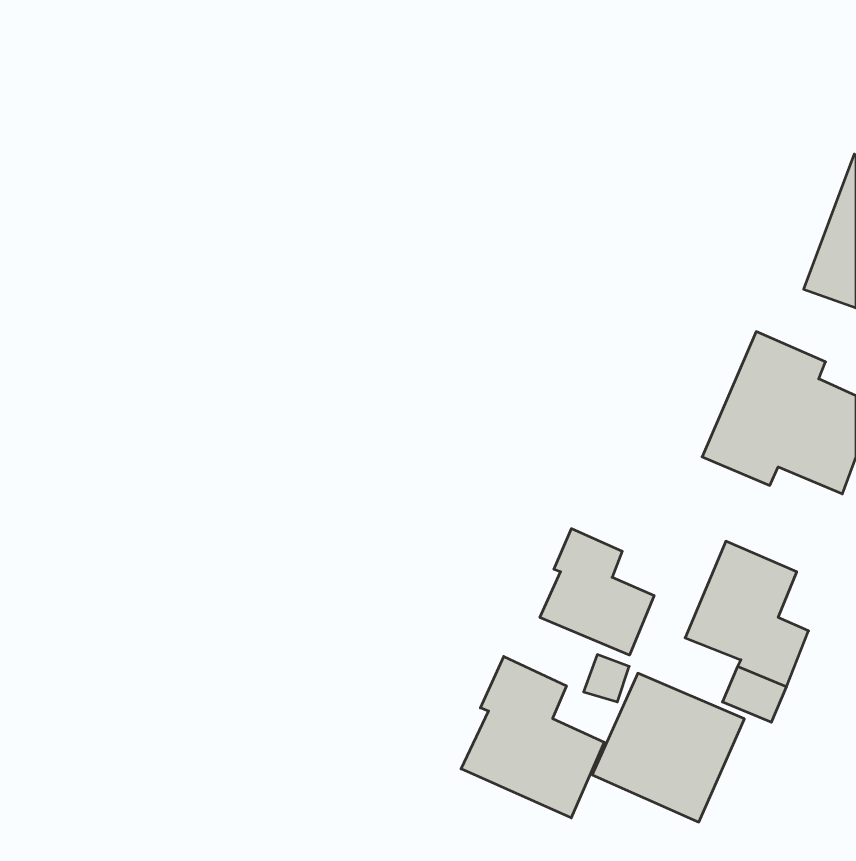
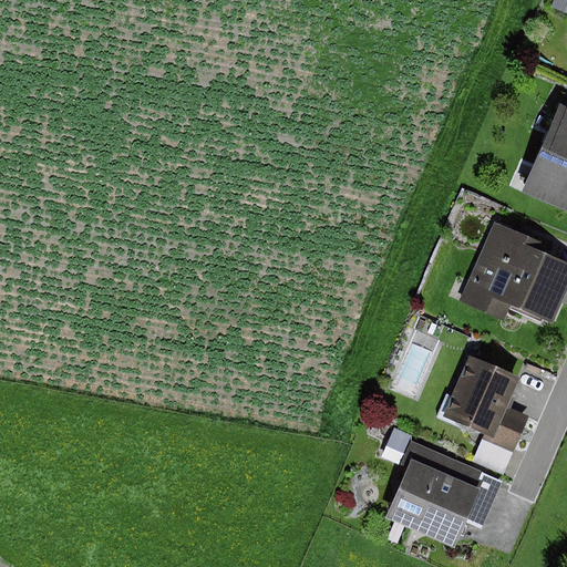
building: [540,529,654,655] -> none
building: [461,656,604,818] -> none

